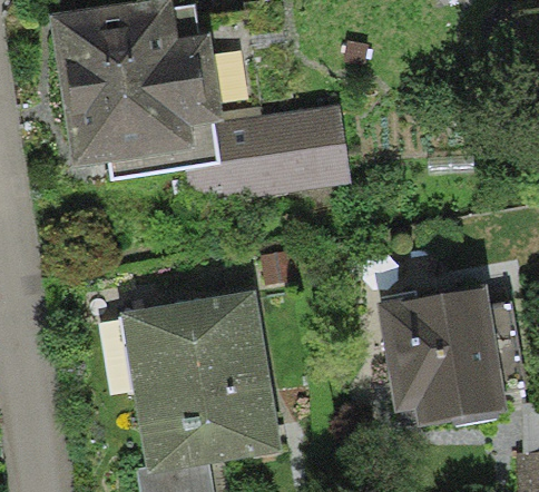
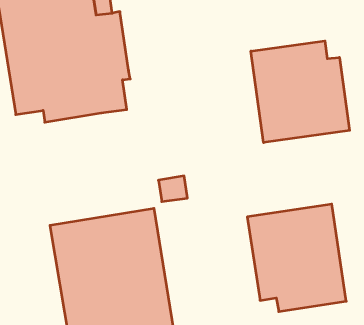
building: none -> [251,41,350,143]
building: [186,102,351,203] -> none

